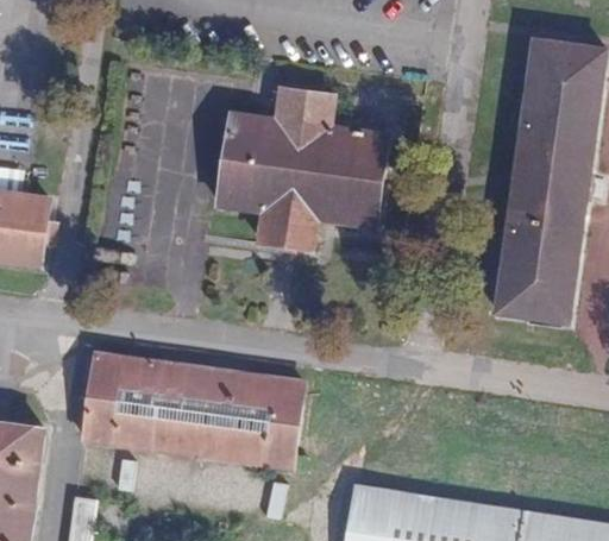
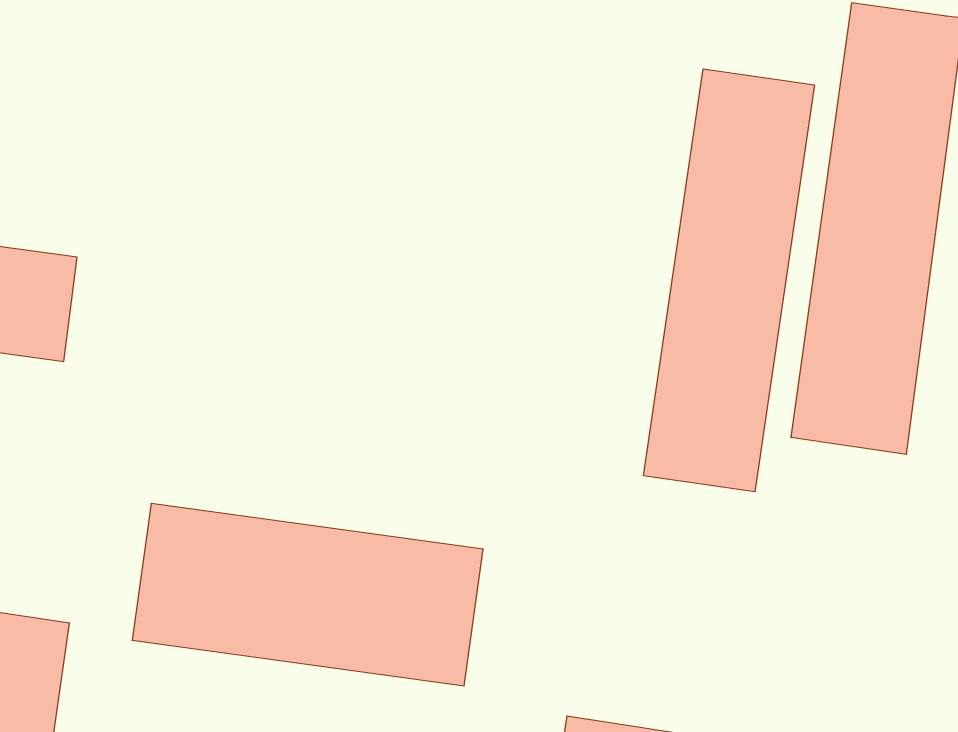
building: none -> [644,69,814,492]
building: [218,88,388,249] -> none

